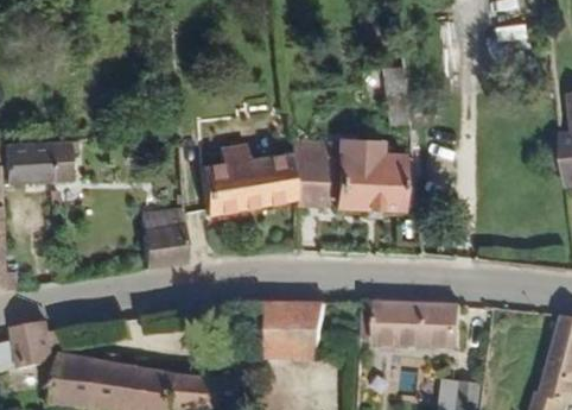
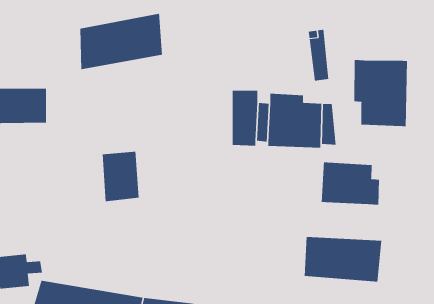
building: none -> [354,59,408,127]
building: [189,149,286,215] -> [80,13,163,70]
building: none -> [321,161,380,206]
building: [268,307,328,365] -> none

